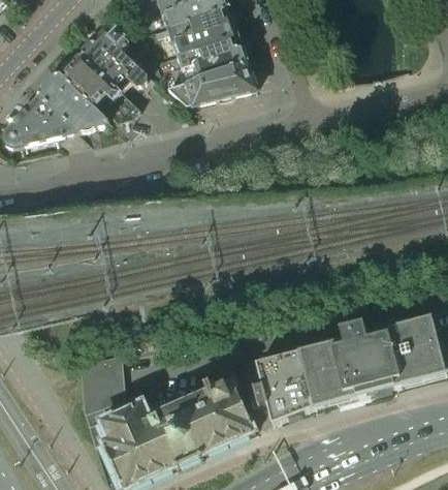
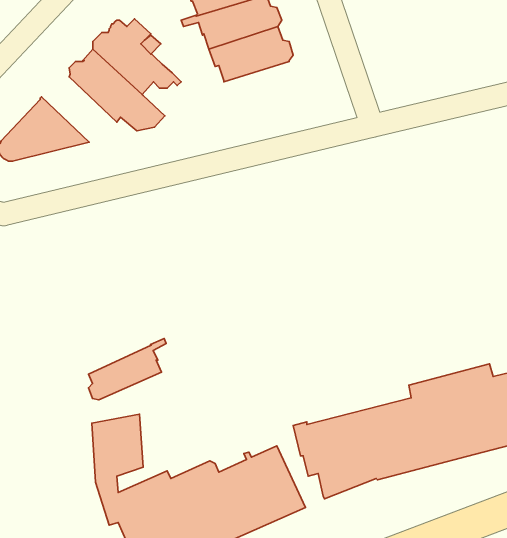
building: [167,62,256,104] -> none
building: [39,72,109,130] -> none
building: none -> [88,338,166,400]

